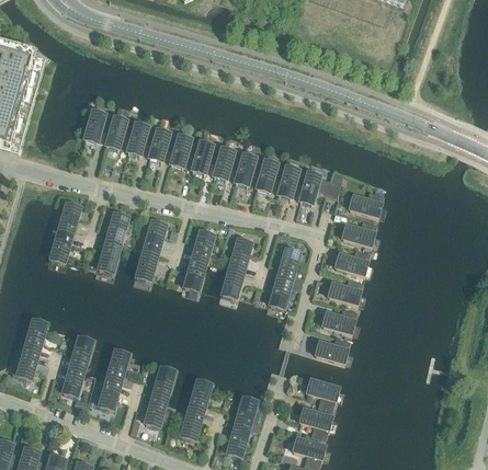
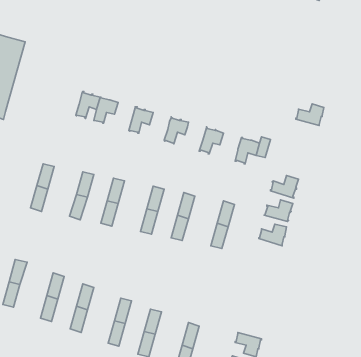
building: [83,110,113,142] -> none
building: [148,128,178,161] -> none
building: [192,141,222,173] -> none
building: [235,153,264,185] -> none
building: [277,165,307,197] -> none
building: [349,190,383,216] -> [296,104,324,125]
building: [322,306,356,333] -> none
building: [315,335,350,362] -> none
building: [306,379,339,410] -> none

